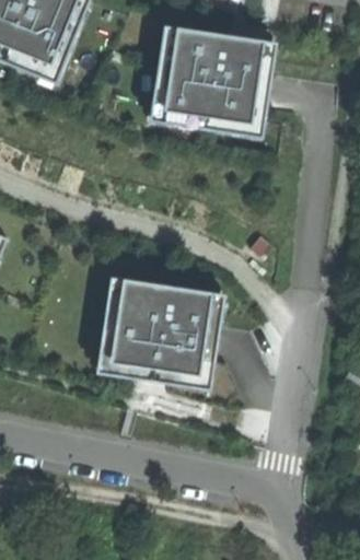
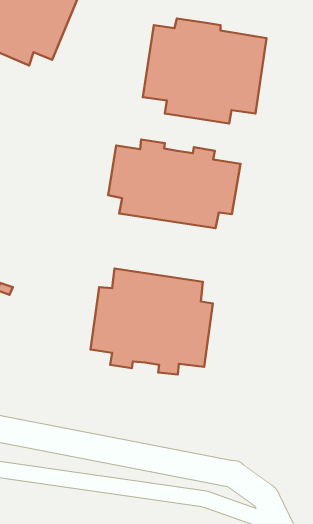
building: none -> [108,140,240,228]

